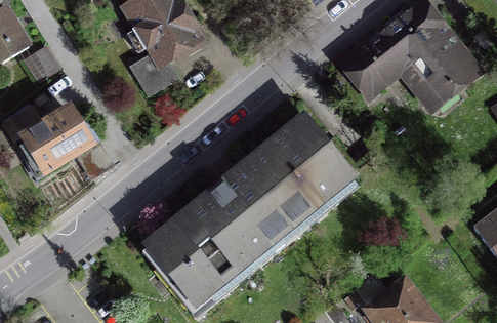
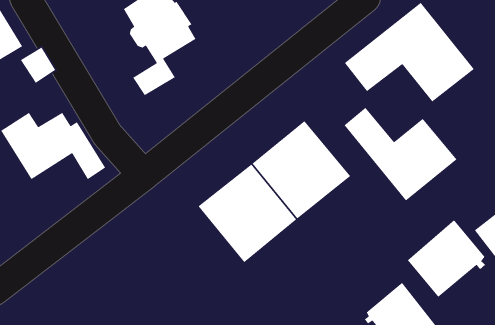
building: none -> [343,107,458,202]
building: [149,204,247,301] -> none
building: none -> [407,219,486,298]

